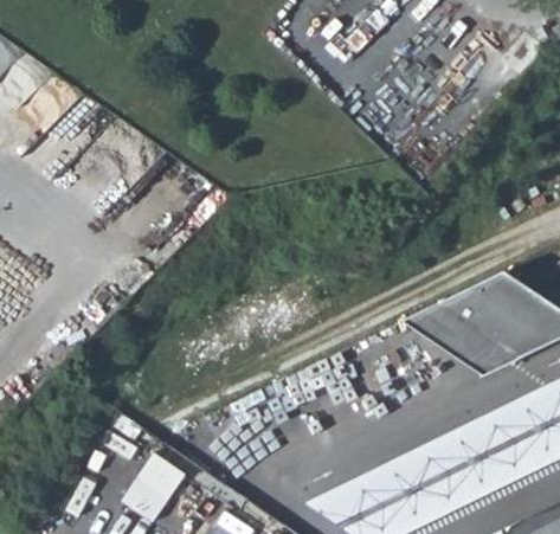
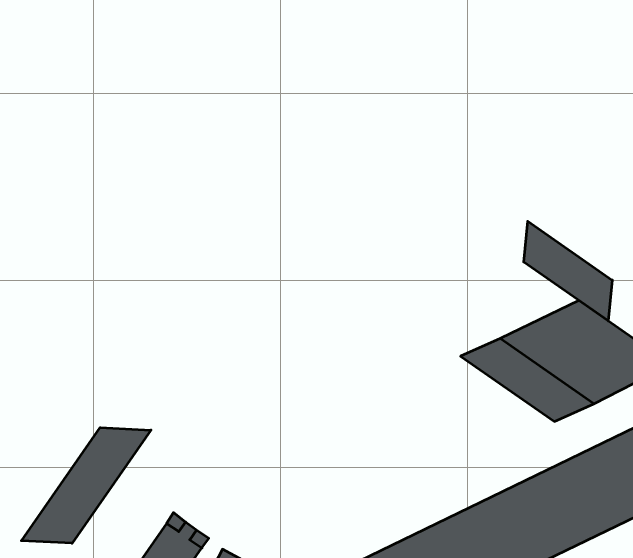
building: none -> [524,221,612,321]
building: none -> [21,428,151,543]

